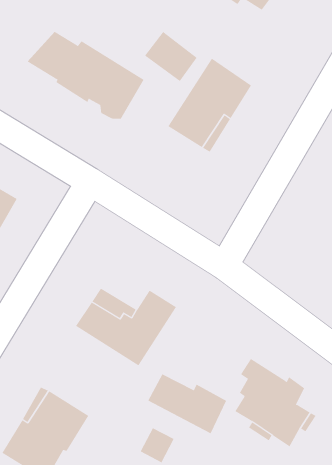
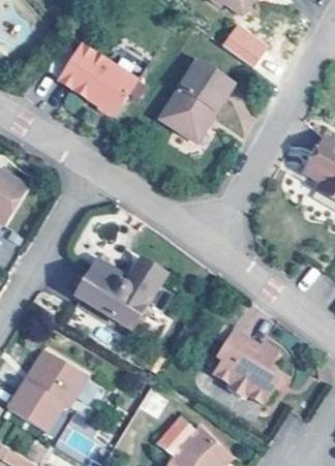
building: [144,31,197,82] -> [215,23,263,68]
building: [147,373,227,434] -> none

